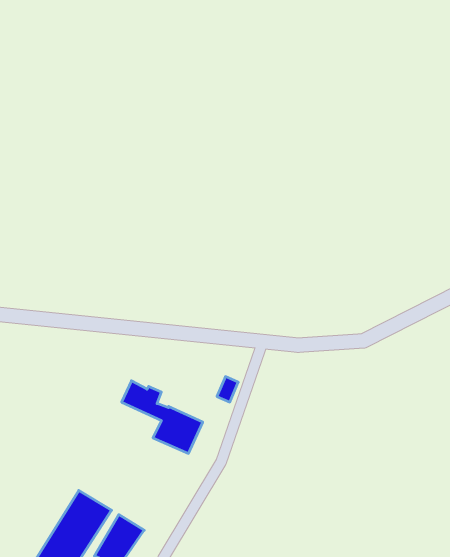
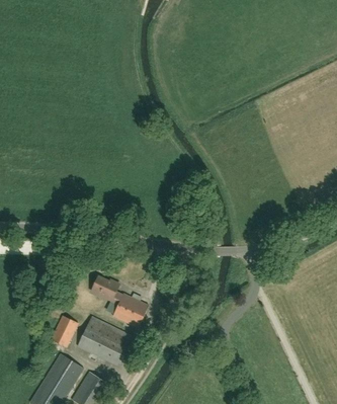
building: none -> [51,315,77,347]
building: none -> [77,316,133,366]

